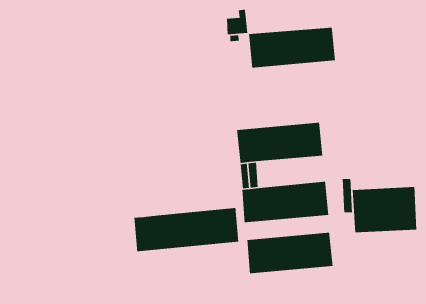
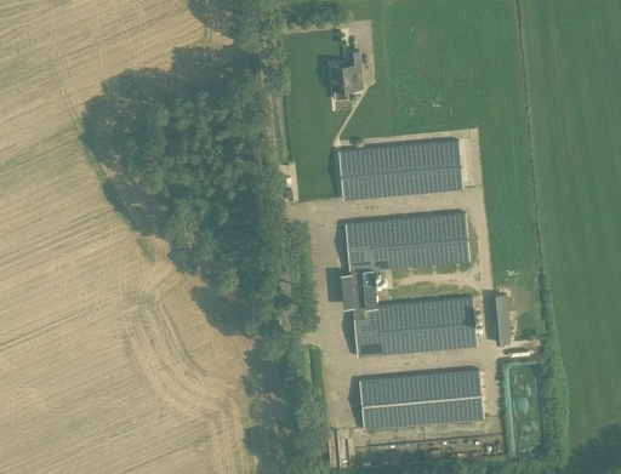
building: [248,27,336,68] -> [337,141,462,200]
building: [352,186,417,233] -> none
building: [134,207,239,252] -> none

